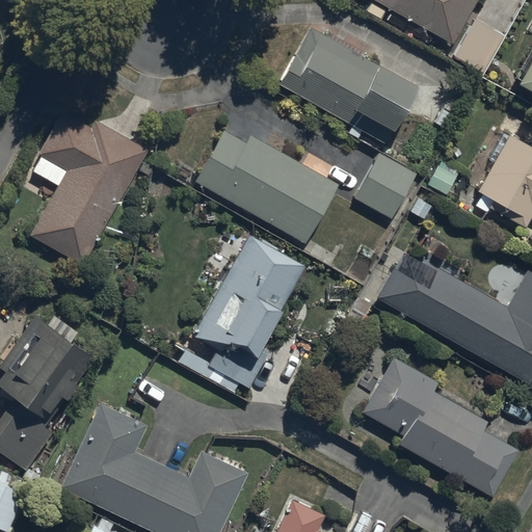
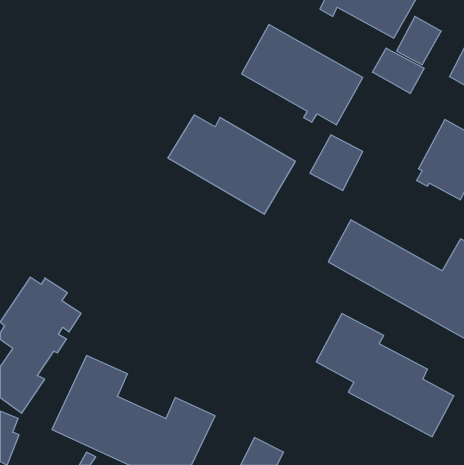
building: none -> [372,48,424,94]
building: [32,112,150,264] -> none
building: [179,236,303,394] -> none

